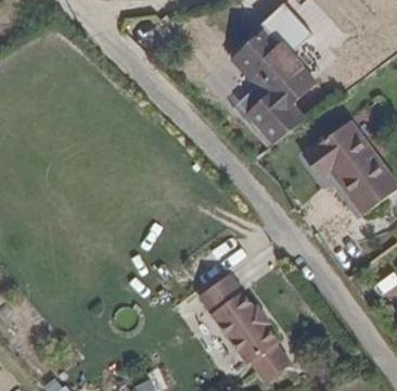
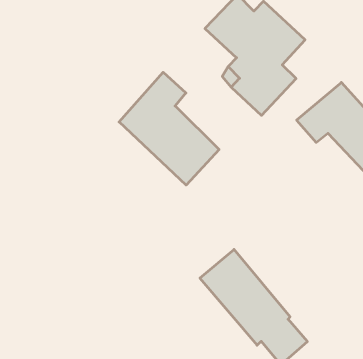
building: none -> [119,72,219,185]

